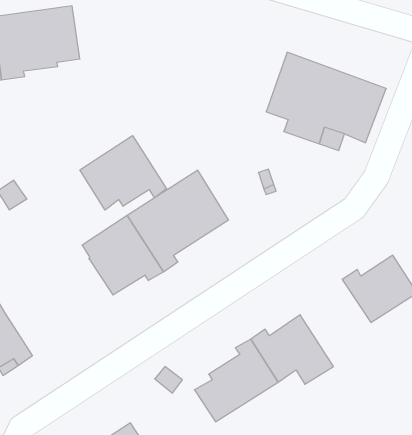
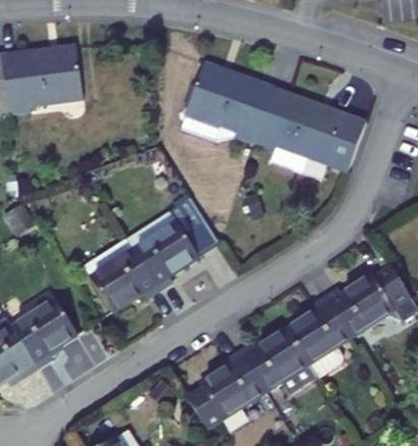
building: none -> [181,60,274,141]
building: [80,136,167,210] -> none
building: none -> [286,296,352,382]
building: none -> [12,299,77,366]

